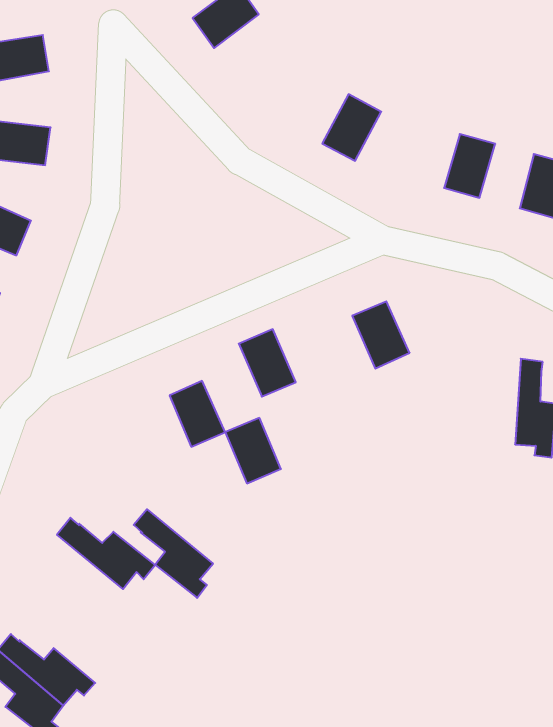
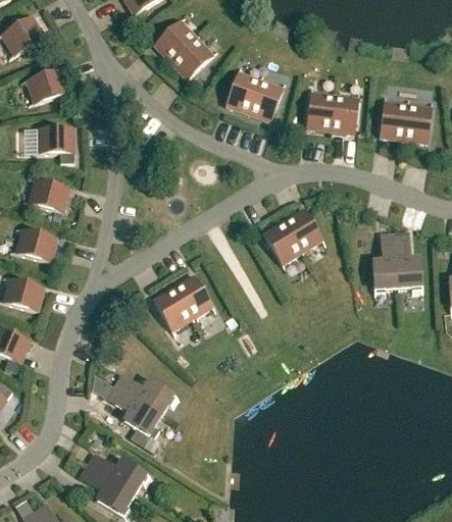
building: none -> [170,36,212,79]
building: none -> [225,70,260,112]
building: none -> [306,91,335,129]
building: [239,329,296,397] -> [262,219,302,263]
building: none -> [371,231,398,295]
building: [225,418,281,483] -> [153,286,192,329]
building: [134,509,213,598] -> [107,385,161,437]

